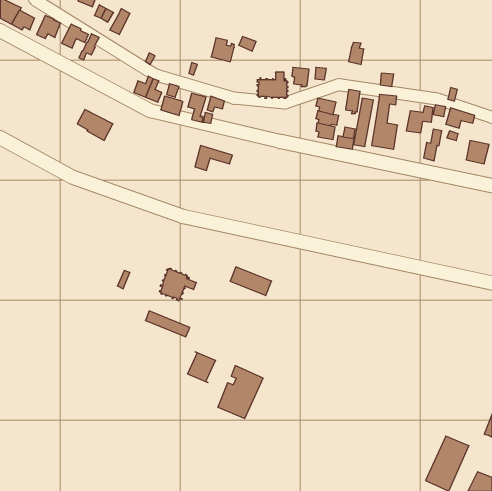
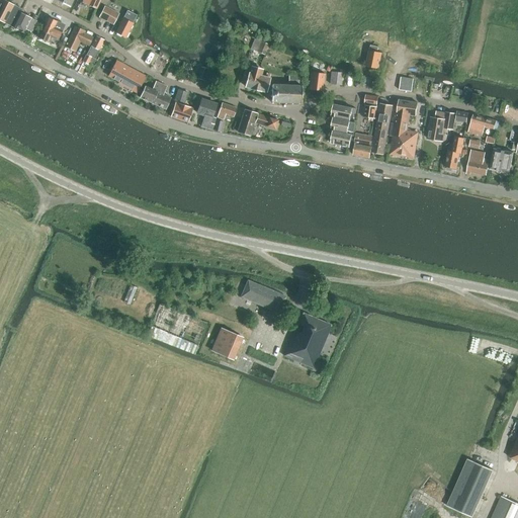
building: [211,38,234,62] -> [246,66,270,91]
building: [77,110,113,140] -> [108,60,146,92]
building: none -> [467,150,489,174]
building: [195,146,232,171] -> [238,108,277,135]
building: [159,268,196,301] -> none
building: [188,352,216,383] -> [212,327,242,359]
building: [218,366,263,419] -> [284,312,332,367]

